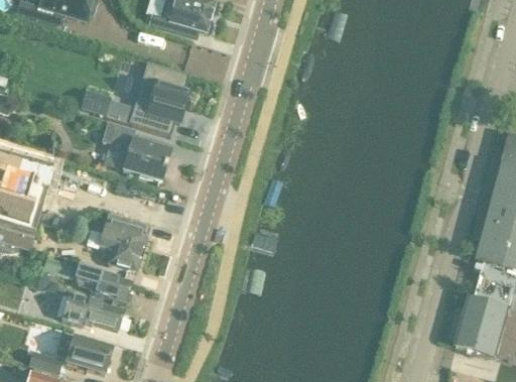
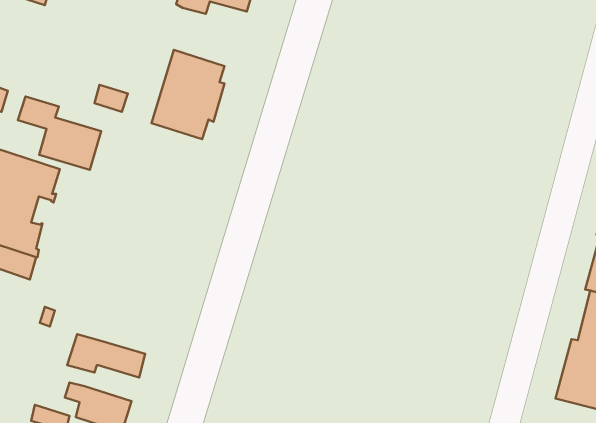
building: [102,121,169,180] -> [18,96,101,170]
building: [99,212,146,269] -> none
building: [42,256,132,301] -> none

